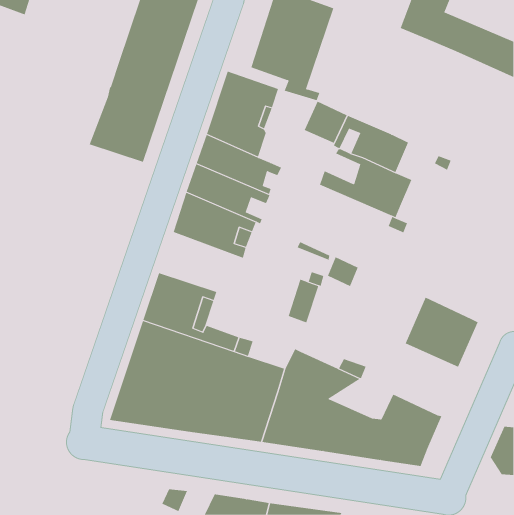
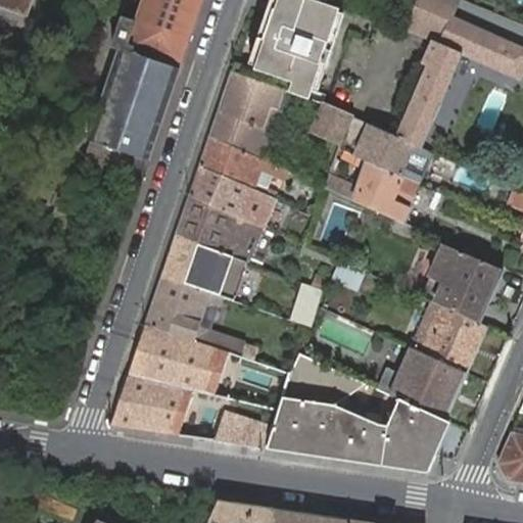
building: none -> [396,40,461,147]
building: none -> [160,235,246,299]
building: none -> [428,247,501,323]
building: none -> [388,347,464,420]

